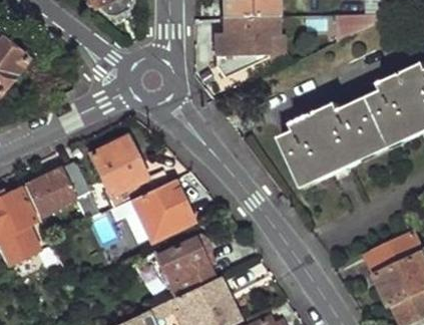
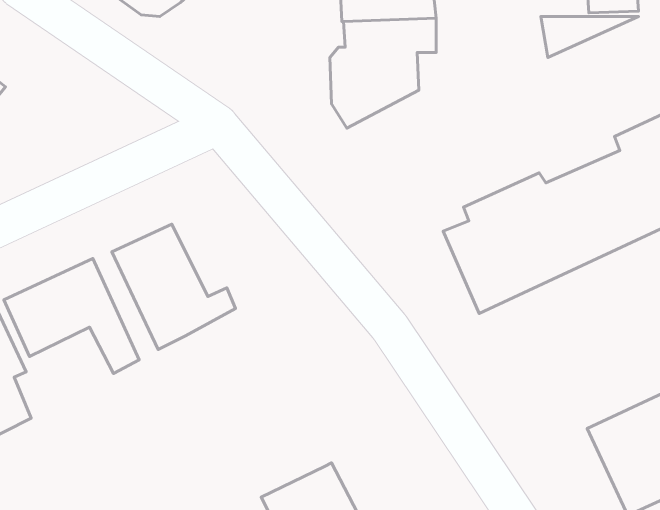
building: [132,178,191,237] -> none
building: [152,222,214,295] -> none

